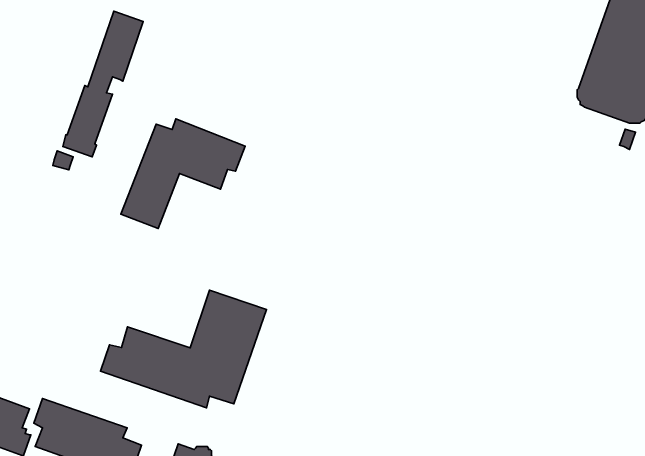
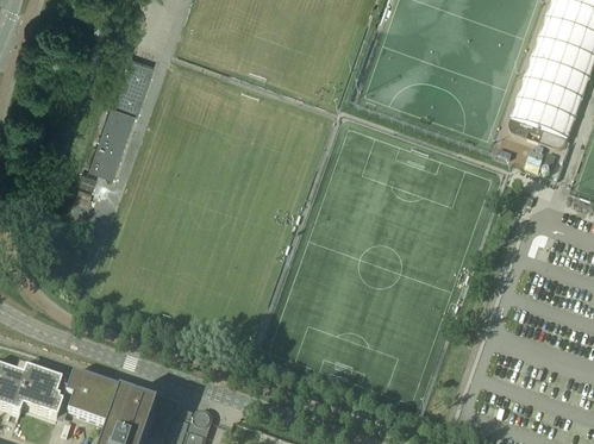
building: [121,119,245,228] -> none
building: [101,290,266,408] -> none

